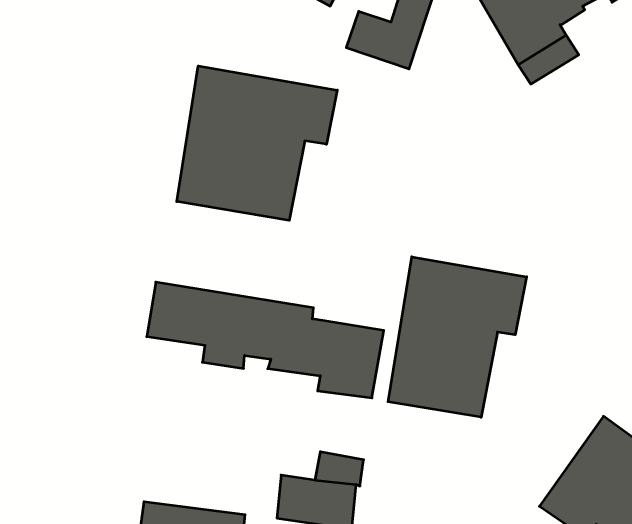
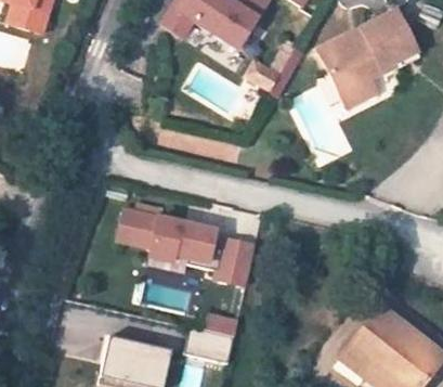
building: [177,66,337,220] -> none
building: [388,257,527,417] -> none

